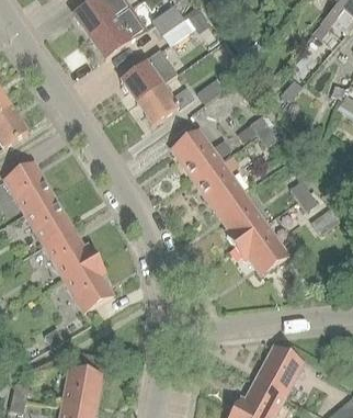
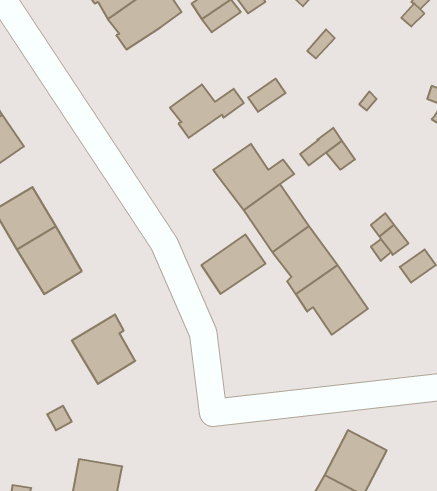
building: [119,48,177,101] -> none
building: none -> [202,234,265,294]
building: [42,225,95,278] -> none

